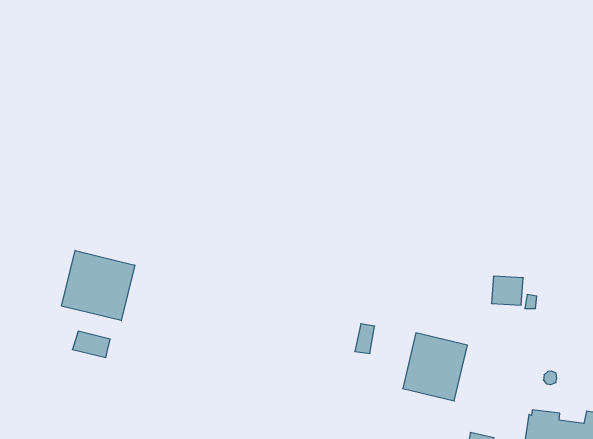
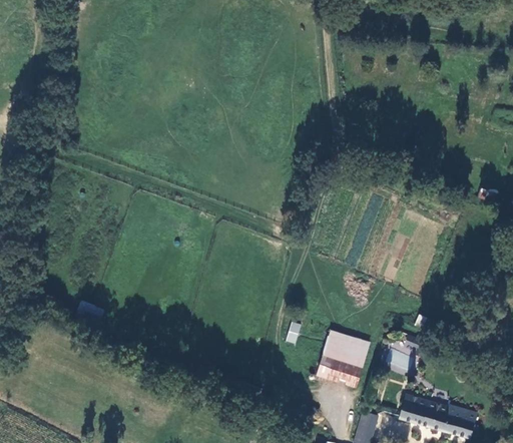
building: [62,250,135,321] -> none
building: [491,276,523,305] -> [384,347,410,371]

